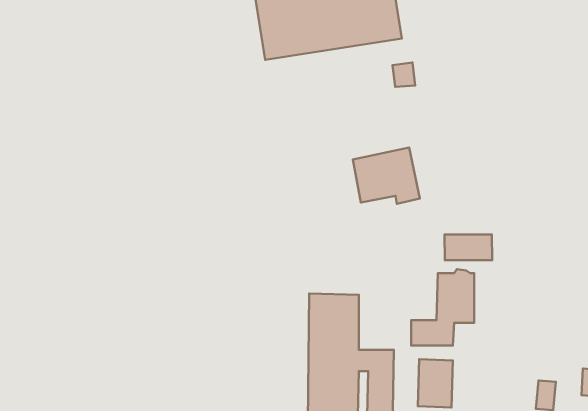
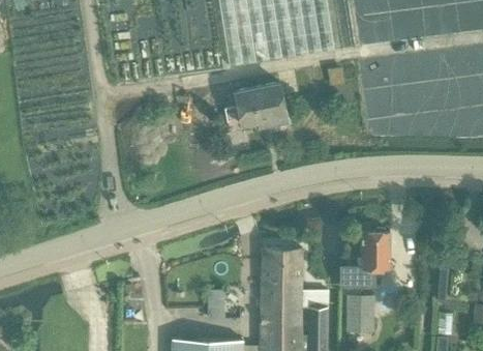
building: [353,148,420,204] -> [235,85,286,128]
building: [444,234,492,260] -> none

